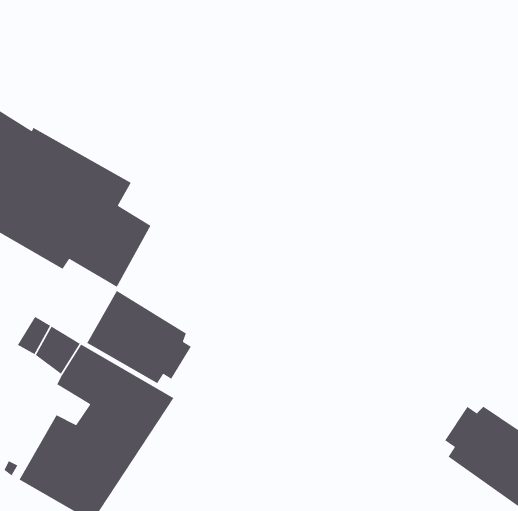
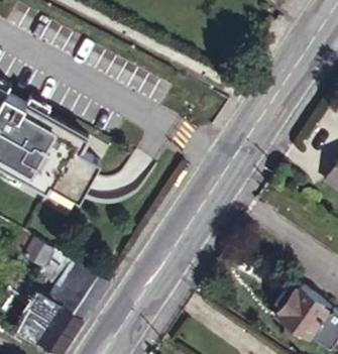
building: [86,290,192,384] -> none

